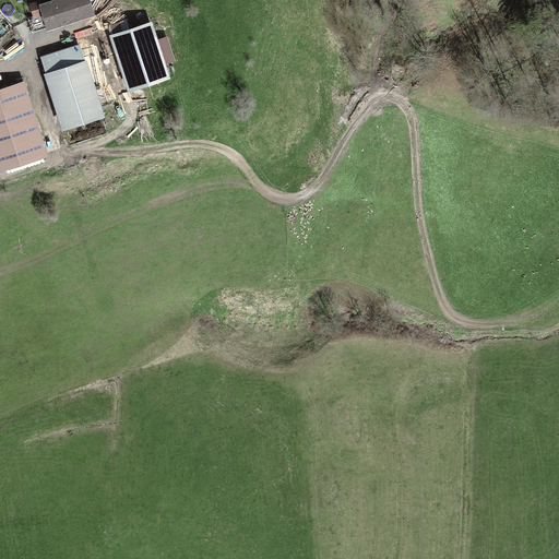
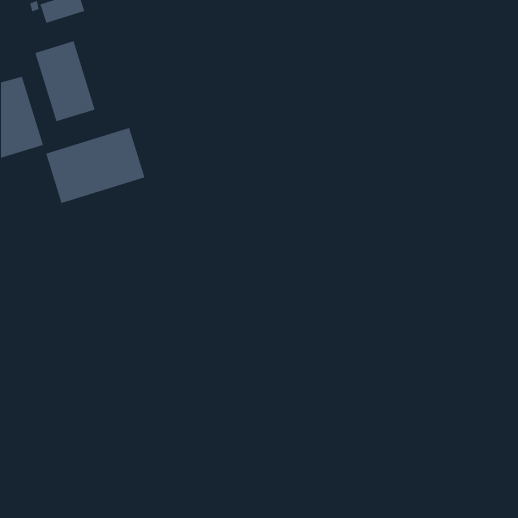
building: [107,22,167,91] -> none
building: none -> [46,127,145,204]

